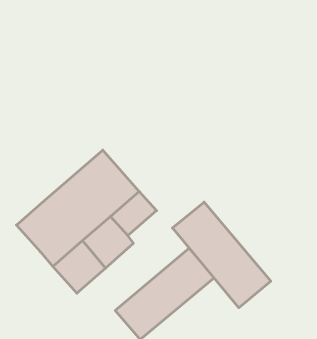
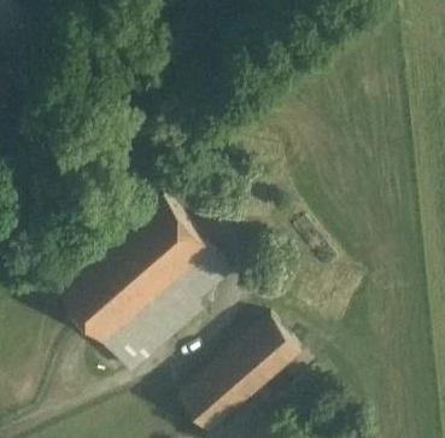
building: [172,202,271,308] -> none

